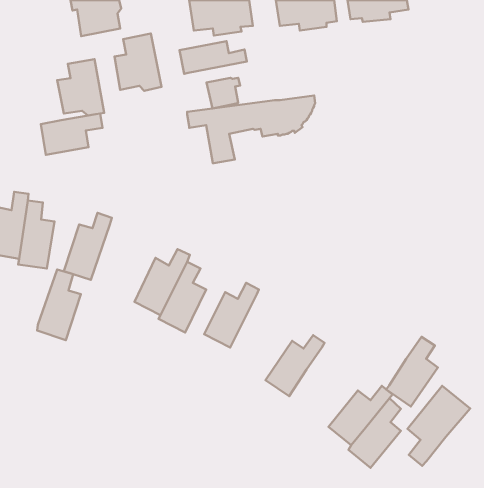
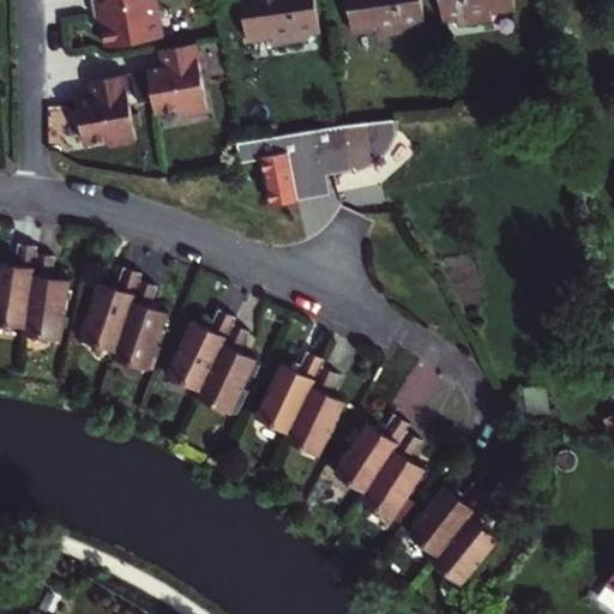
building: [179,41,247,74] -> none
building: [207,78,240,108] -> [288,162,330,200]
building: [41,114,103,155] -> none
building: [37,269,81,340] -> [113,282,168,371]
building: none -> [287,369,347,459]
building: [386,337,438,407] -> [360,437,425,524]
building: [407,386,470,466] -> none

